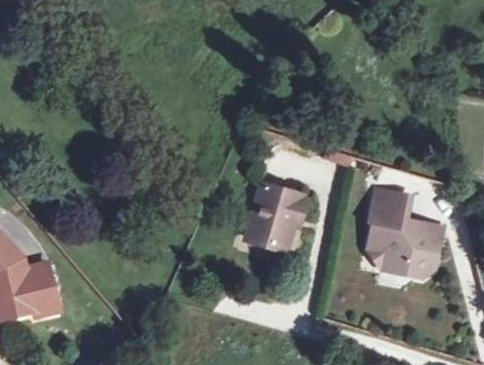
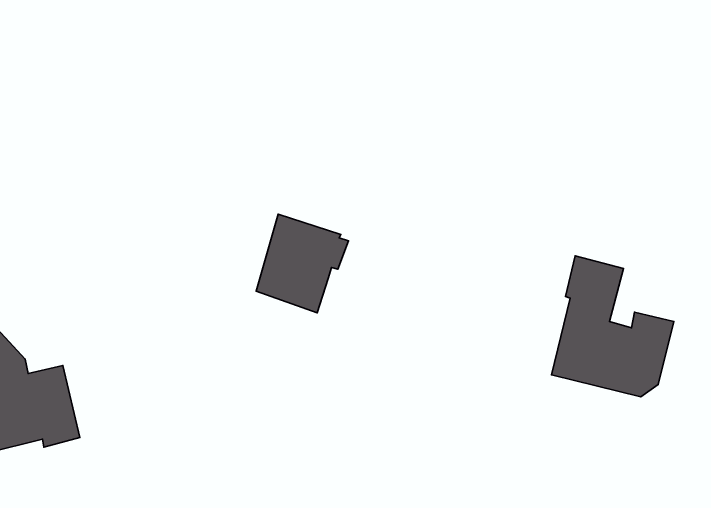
building: [241,182,301,246] -> [256,214,349,313]

